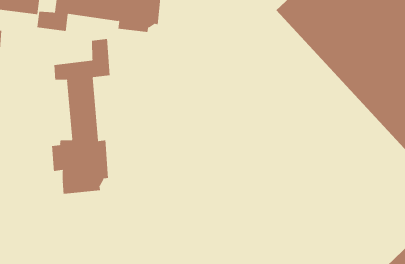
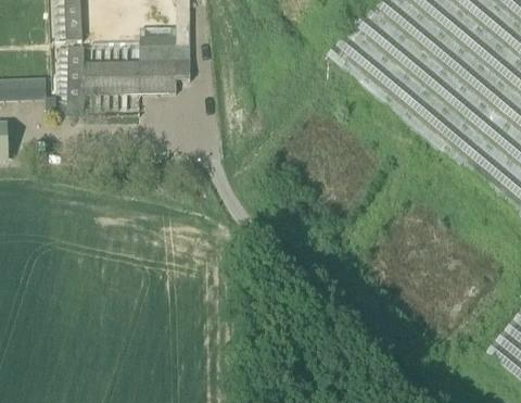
building: [52,38,110,196] -> none

